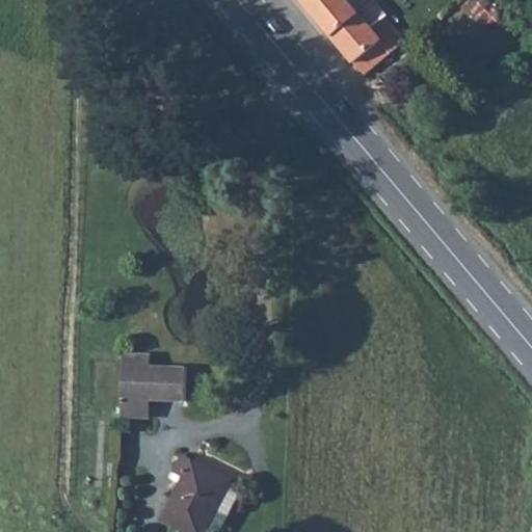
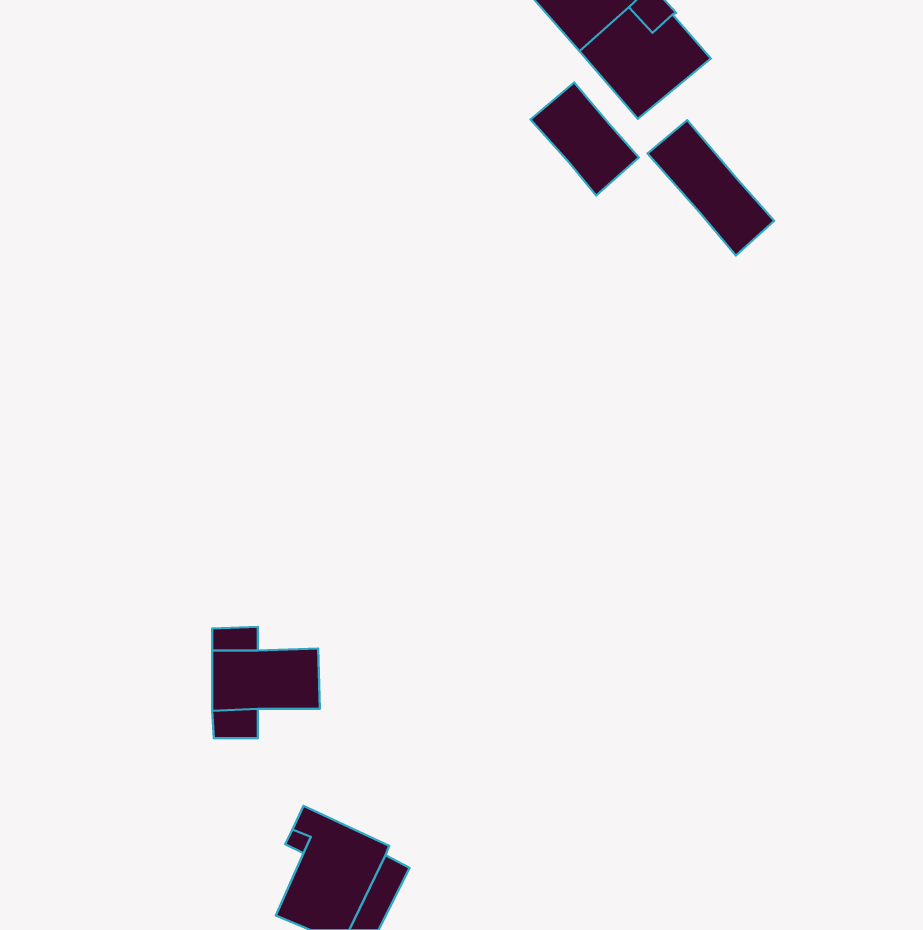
building: none -> [531,83,639,195]
building: none -> [647,120,774,256]

